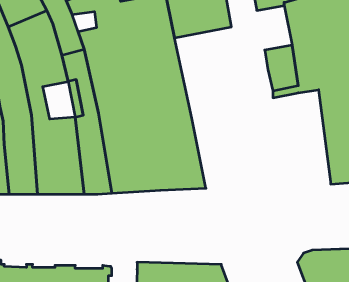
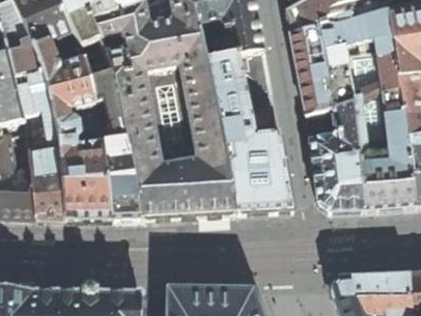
building: none -> [289,26,326,71]
building: none -> [205,48,292,212]
building: none -> [308,112,365,210]

